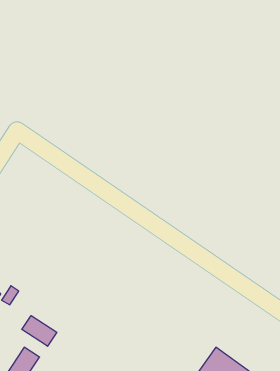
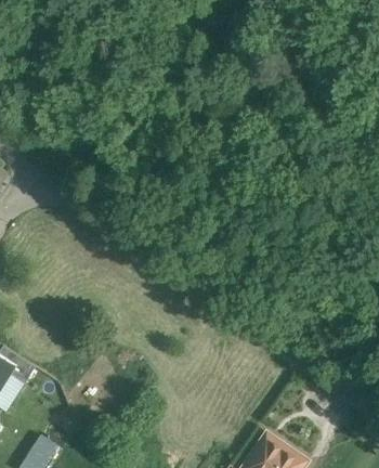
building: [22,316,57,346] -> none

